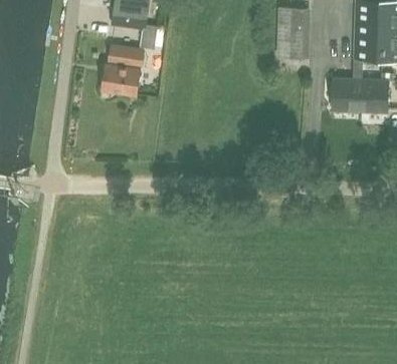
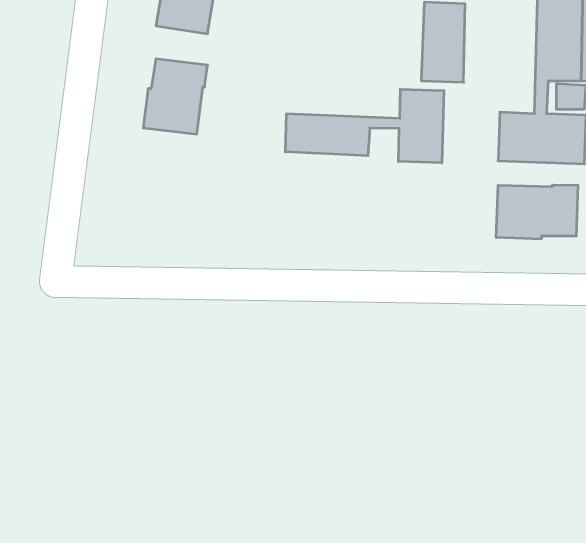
building: none -> [285,89,444,163]
building: none -> [496,185,578,239]

